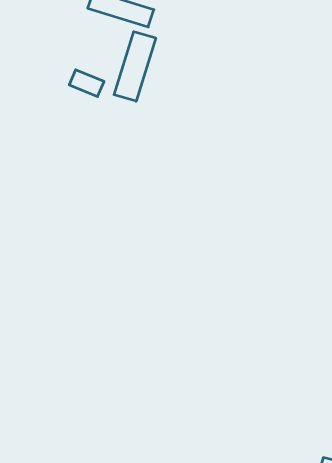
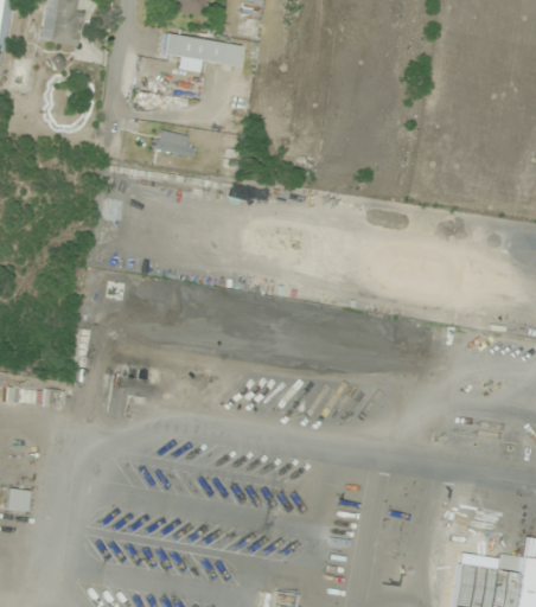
building: [114,32,156,101] -> none

